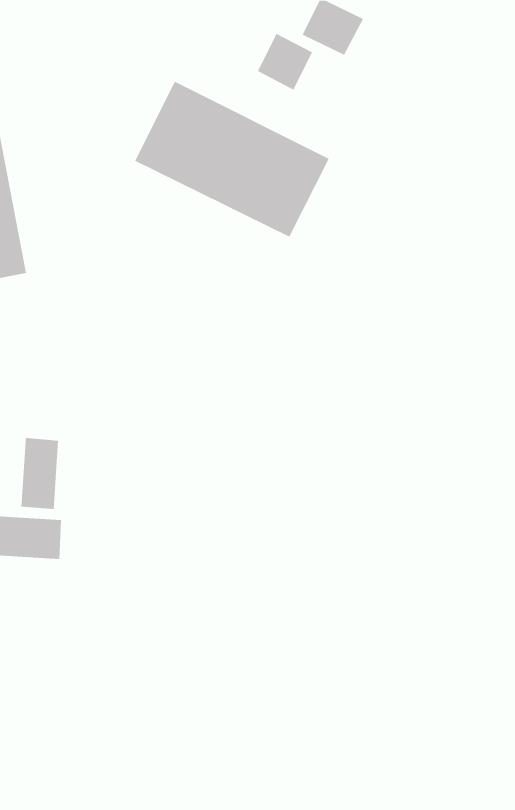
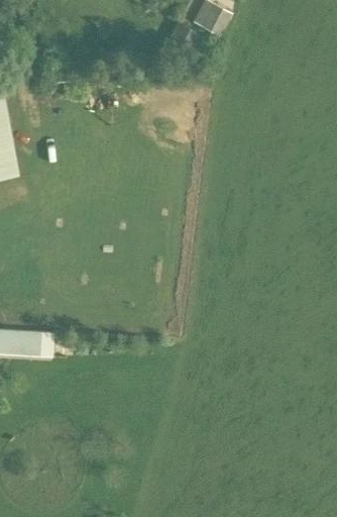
building: [134,81,329,237] -> none
building: [21,437,59,510] -> none

